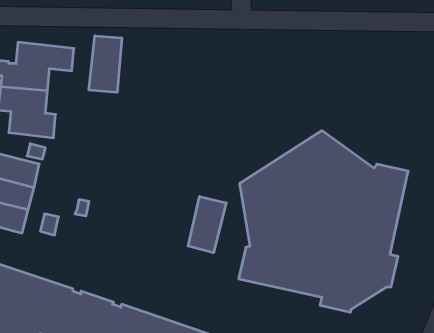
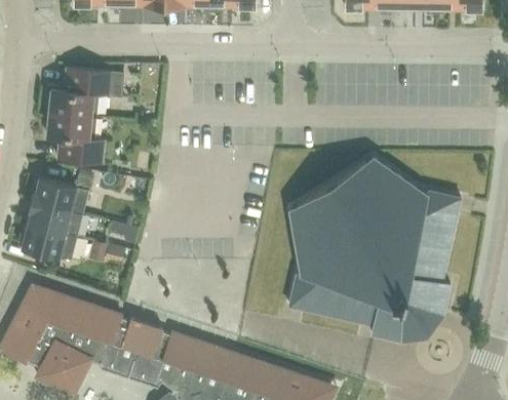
building: [89,36,122,92] -> none
building: [188,196,226,253] -> none

